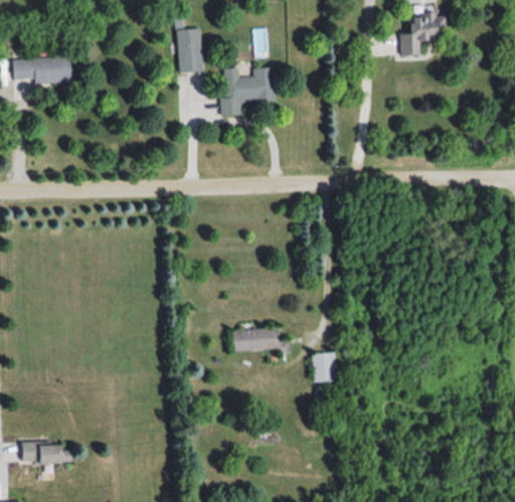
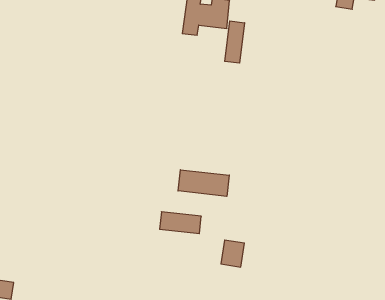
building: none -> [225,21,245,63]
building: none -> [178,170,229,196]

